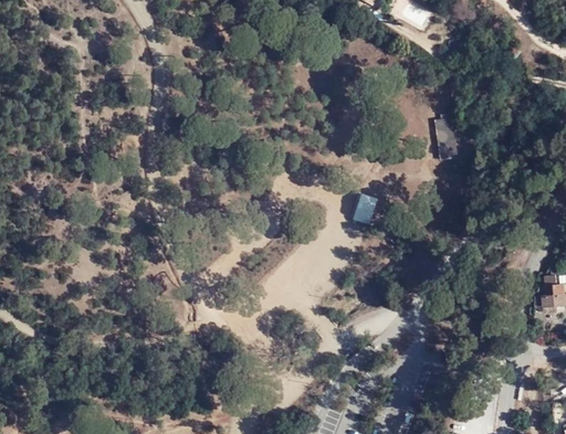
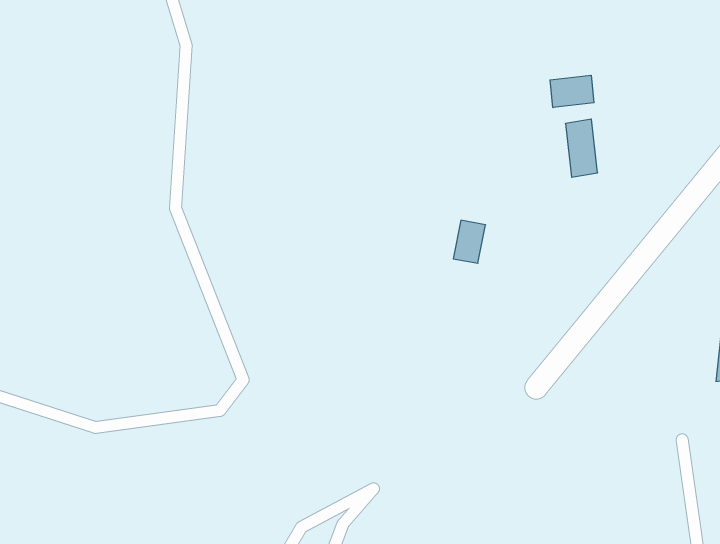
building: none -> [550,75,594,108]

